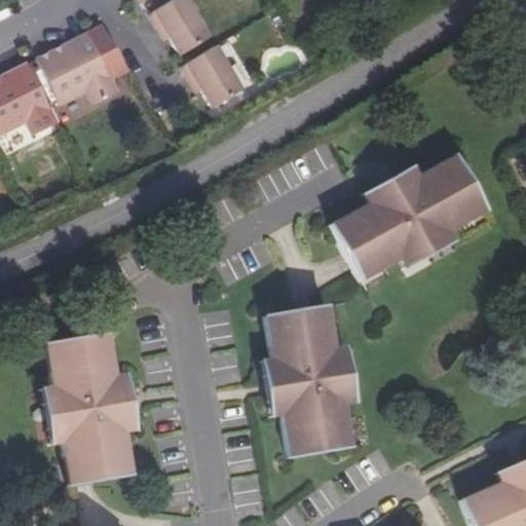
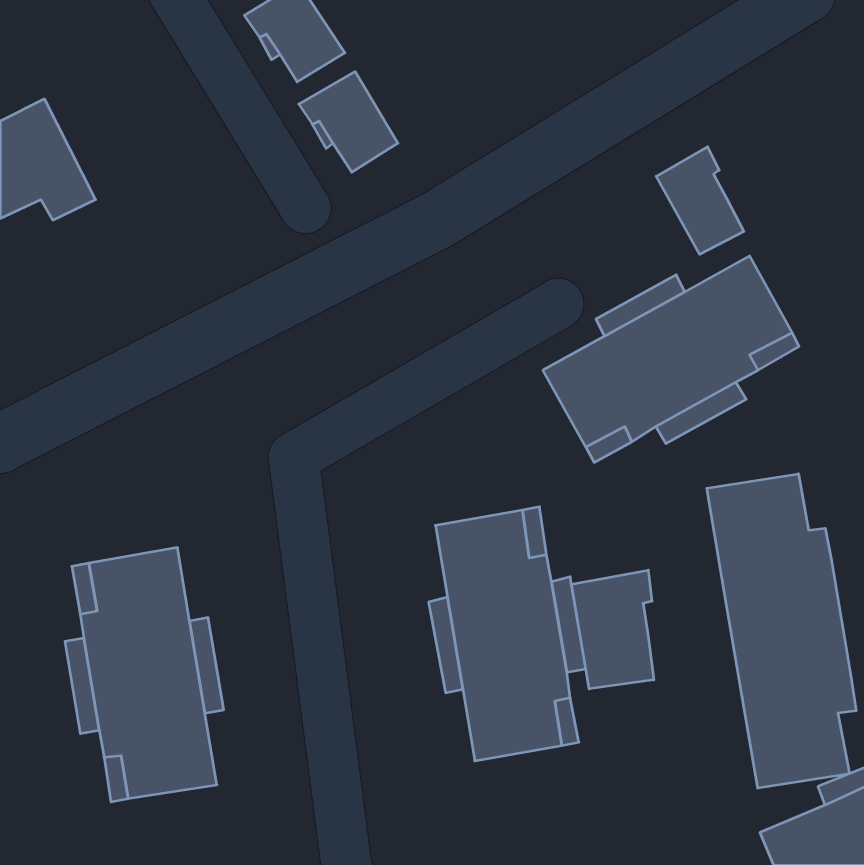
building: [40,30,122,103] -> none
building: none -> [656,147,744,254]
building: none -> [707,474,856,788]
building: none -> [572,570,654,689]

